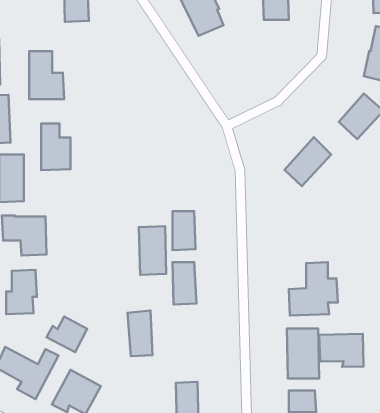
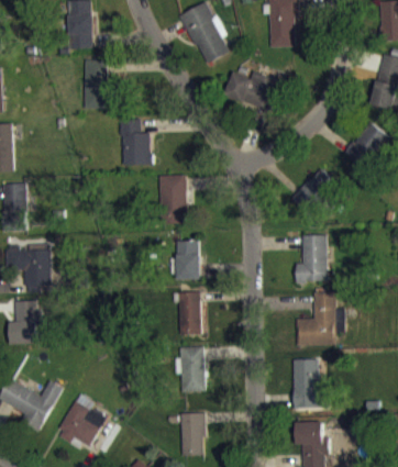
building: none -> [223,71,280,112]
building: [29,51,64,99] -> [84,60,119,109]
building: [41,123,70,170] -> [121,119,151,166]
building: none -> [295,235,327,283]
building: [139,226,166,275] -> [158,175,186,224]
building: [128,311,153,356] -> [179,346,204,392]
building: [47,317,87,352] -> none
building: [319,334,364,367] -> none

